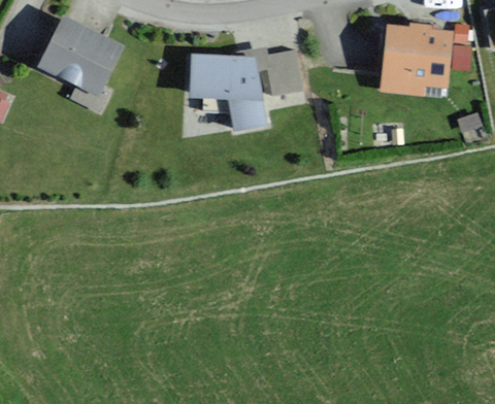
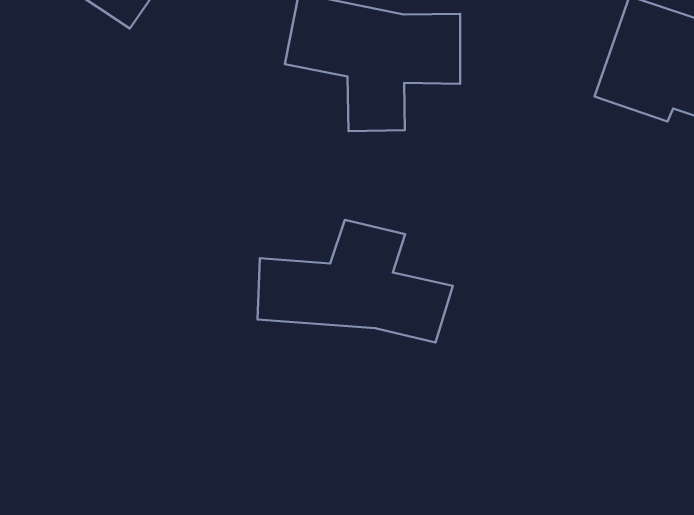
building: none -> [257,220,453,343]

